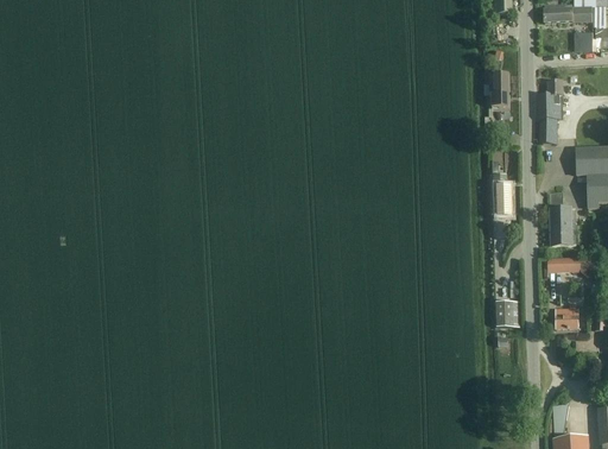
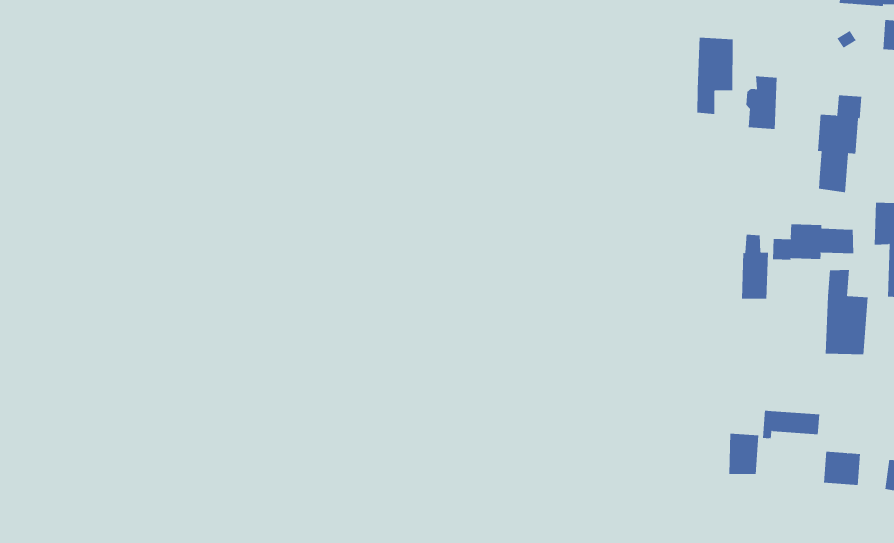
building: none -> [697,37,733,115]
building: none -> [772,224,854,260]
building: [544,258,580,276] -> [762,410,820,439]

